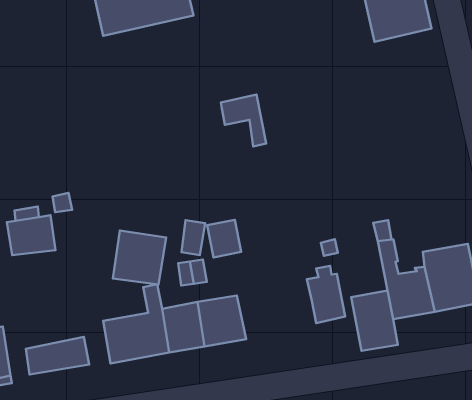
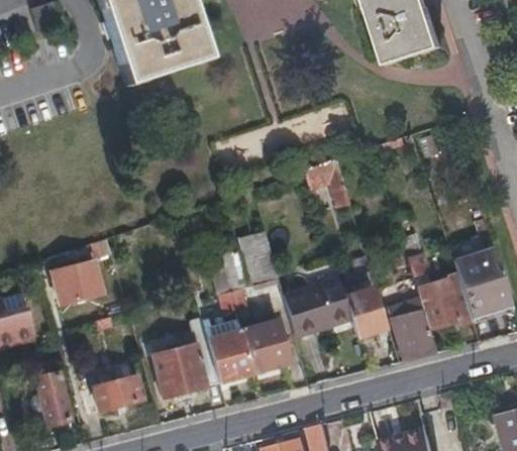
building: [221,94,266,147] -> [304,157,351,208]
building: [113,230,166,284] -> none
building: none -> [283,280,351,338]

